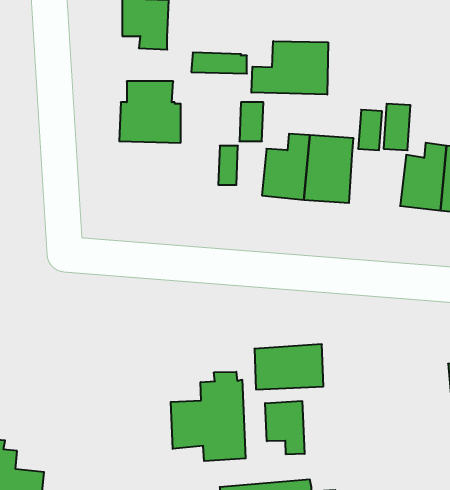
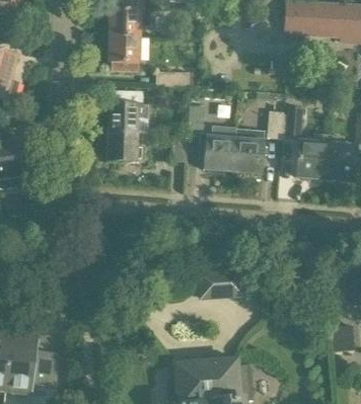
building: [251,41,328,95] -> none
building: none -> [106,131,148,160]
building: [171,372,246,461] -> none
building: [265,401,305,454] -> none

